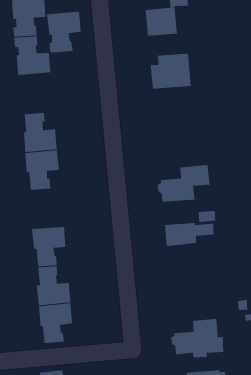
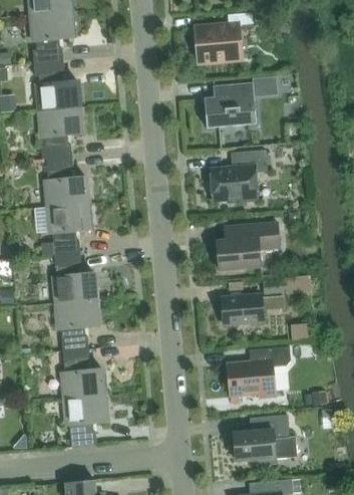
building: [46,11,82,53] -> [37,106,81,159]
building: none -> [209,150,266,201]
building: none -> [52,252,96,302]
building: none -> [226,345,290,404]

